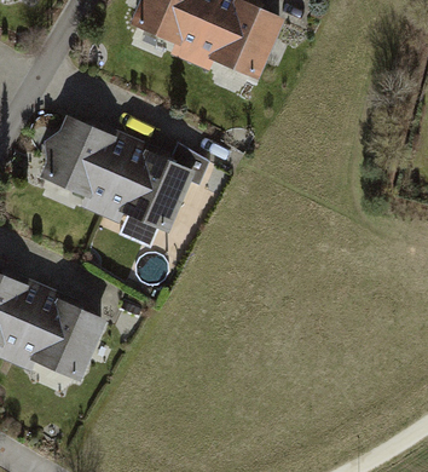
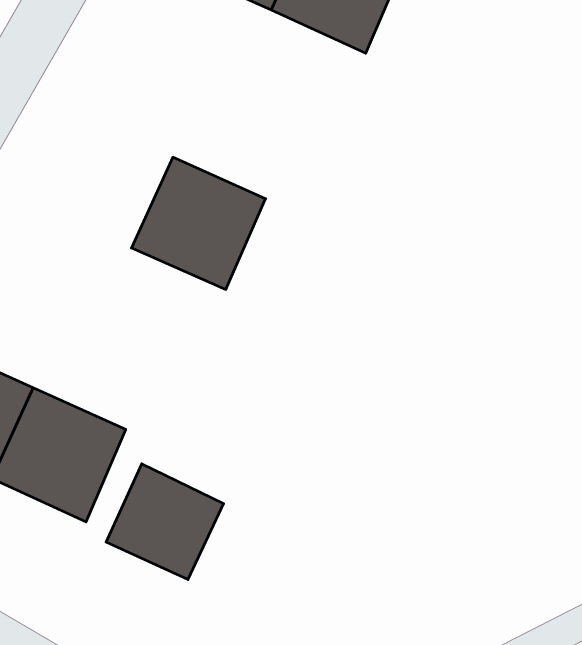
building: [45,117,131,202] -> none
building: none -> [106,464,224,580]

